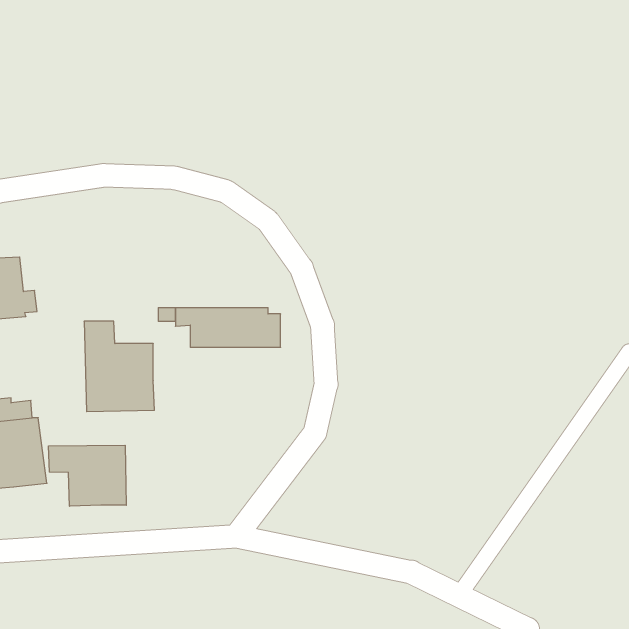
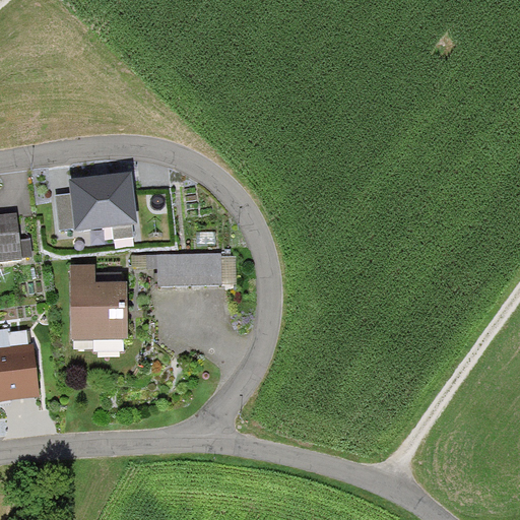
building: none -> [54,173,137,233]
building: [49,445,126,506] -> none

